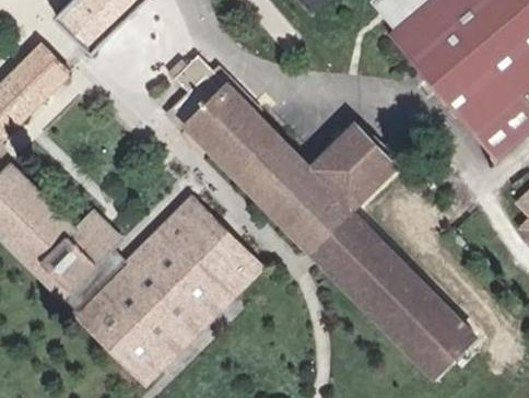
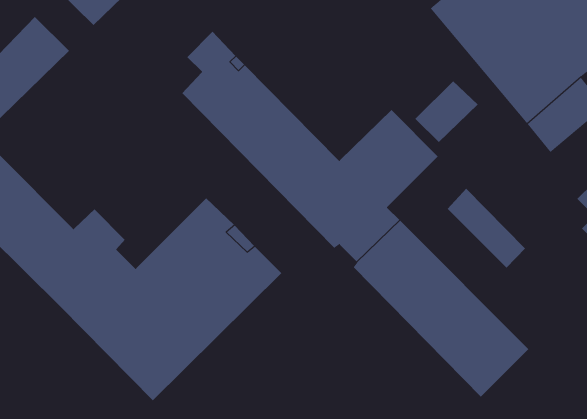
building: none -> [415,80,478,143]
building: none -> [447,188,526,269]

